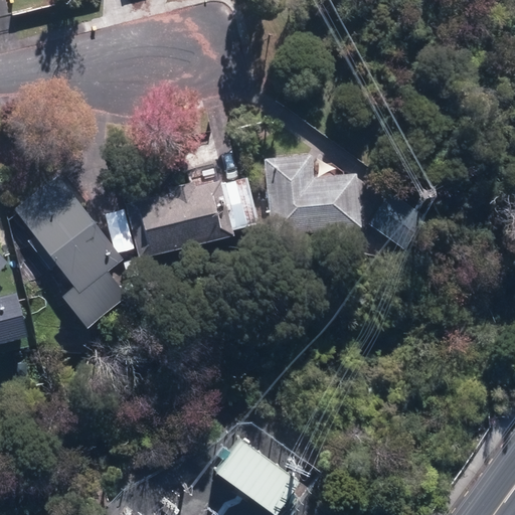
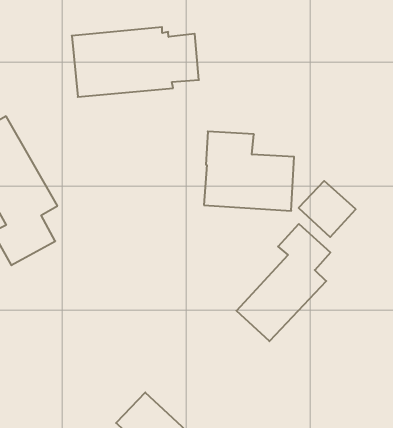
building: [124,176,260,260] -> [72,27,199,97]
building: none -> [236,224,330,341]

